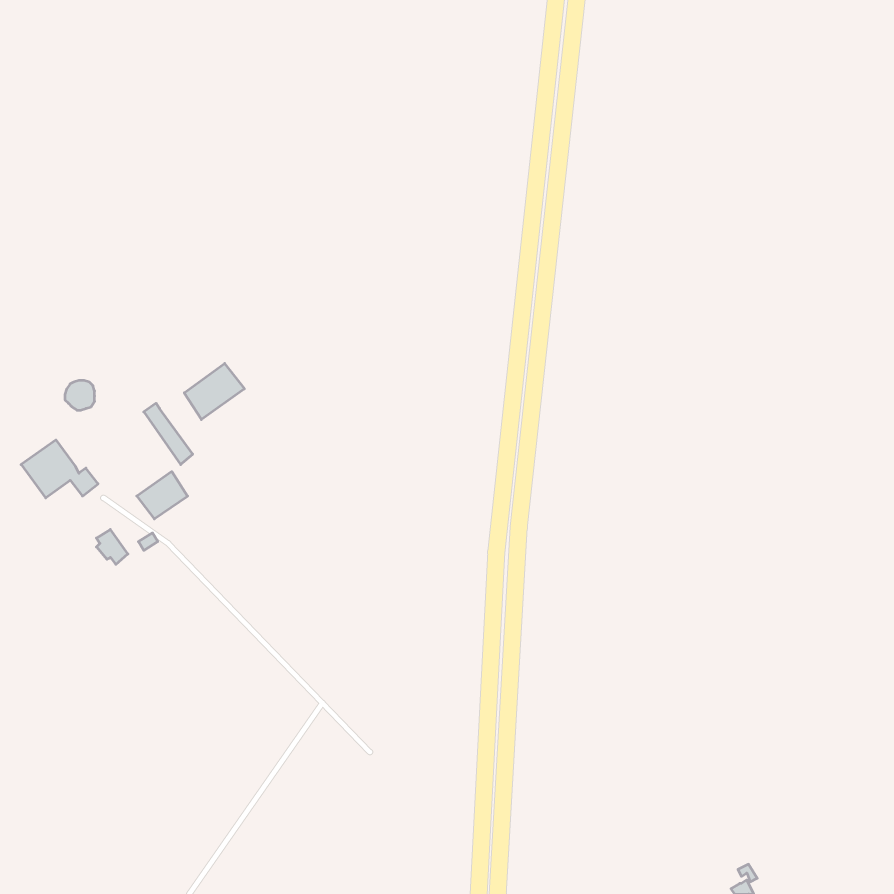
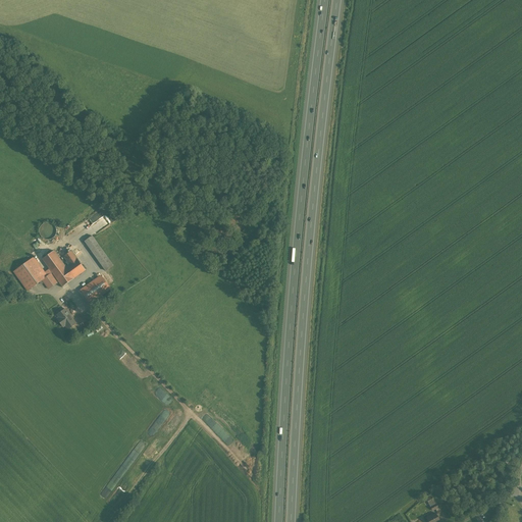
building: [184,363,244,420] -> none
building: none -> [42,250,85,285]

